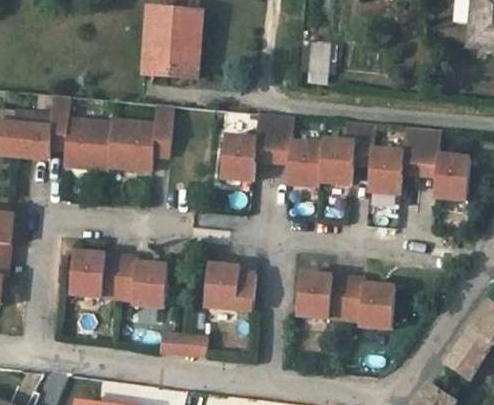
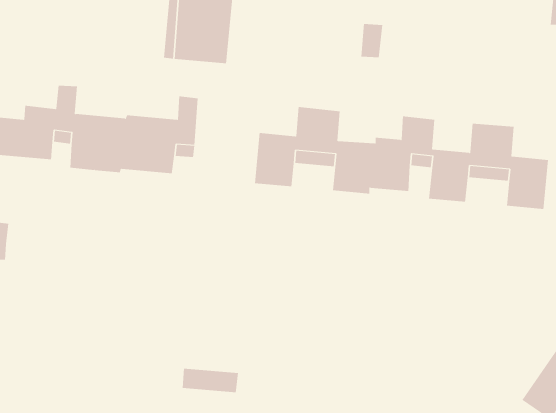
building: [68,252,166,308] -> none
building: [203,264,254,310] -> none
building: [295,272,394,327] -> none

